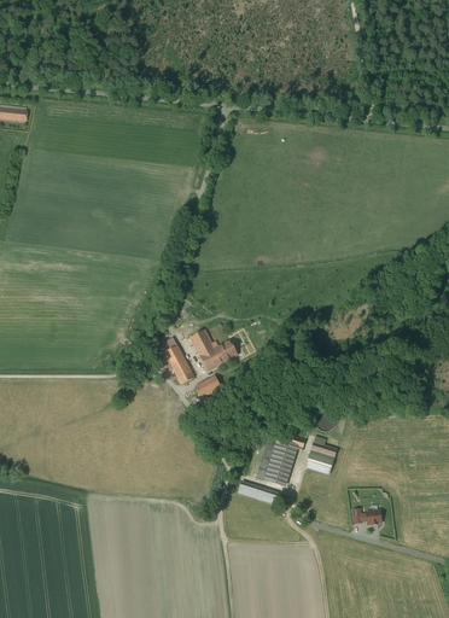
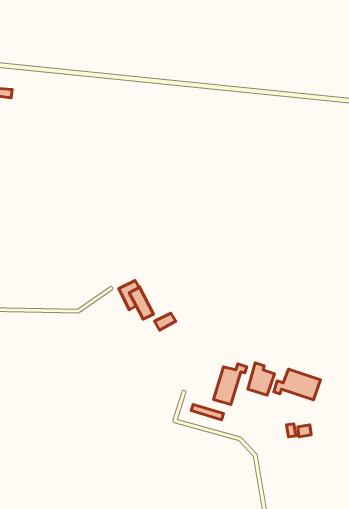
building: [191,331,237,371] -> none
building: none -> [274,369,320,400]

